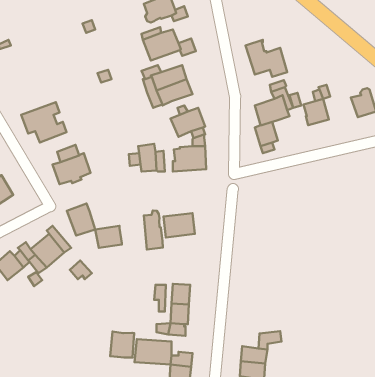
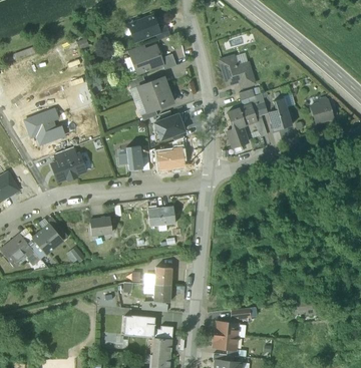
building: [67,204,95,236] -> none
building: [144,210,163,249] -> none
building: [110,331,134,358] -> none

